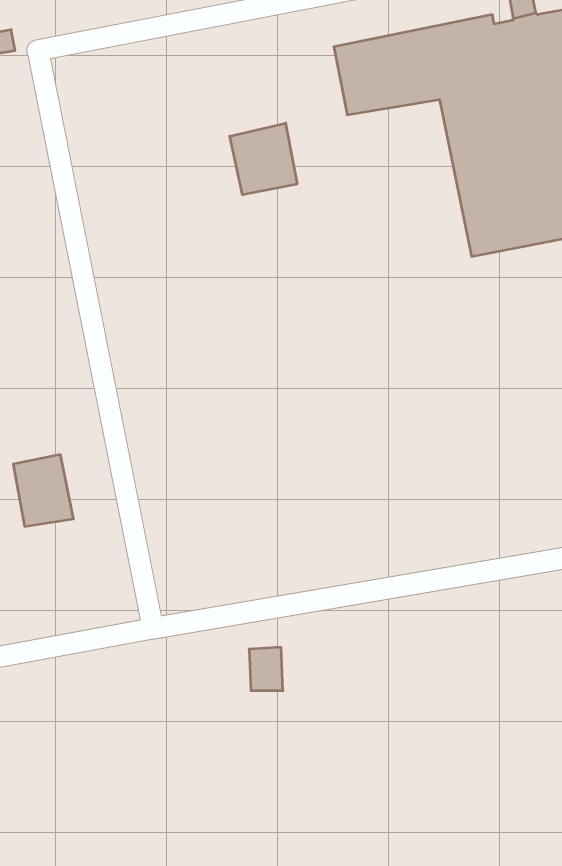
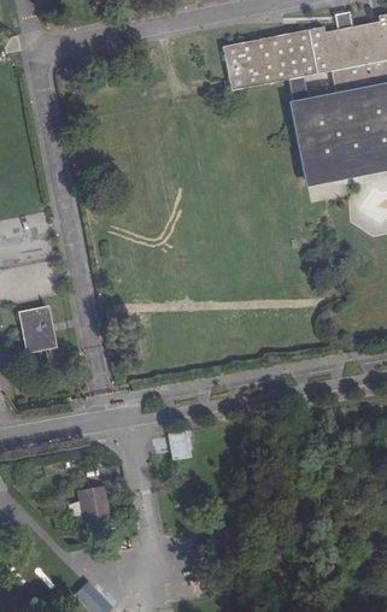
building: [230,123,297,195] -> none
building: none -> [77,487,109,524]

